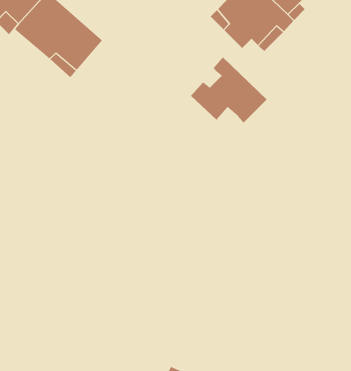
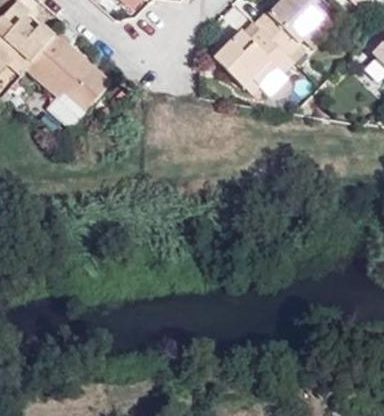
building: [190,57,267,123] -> none

